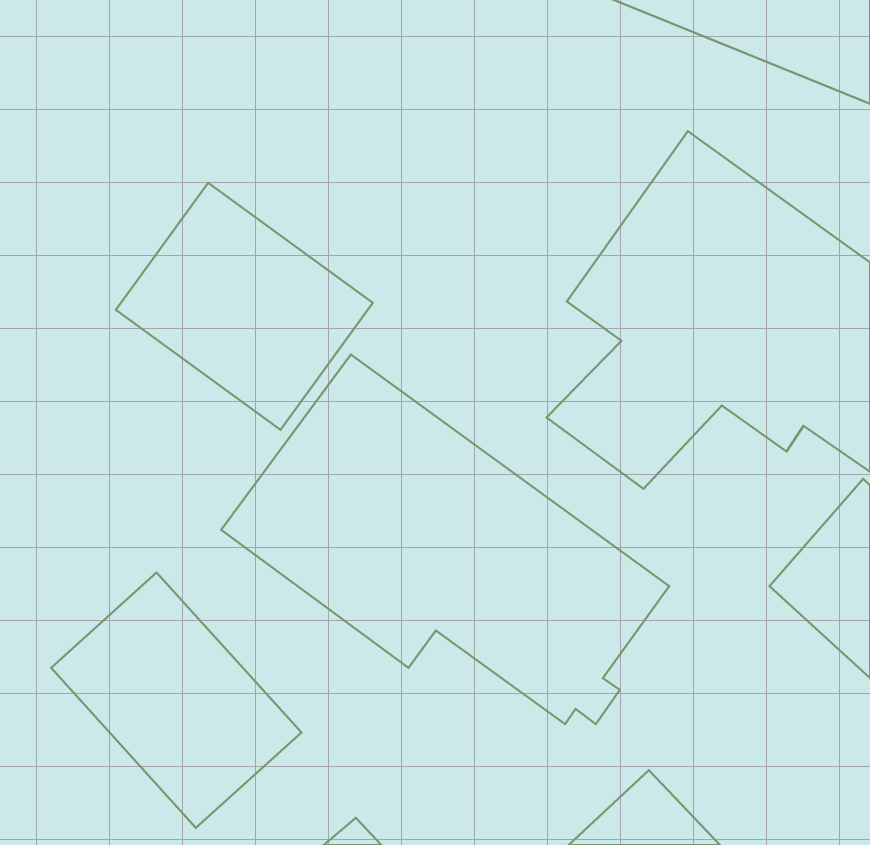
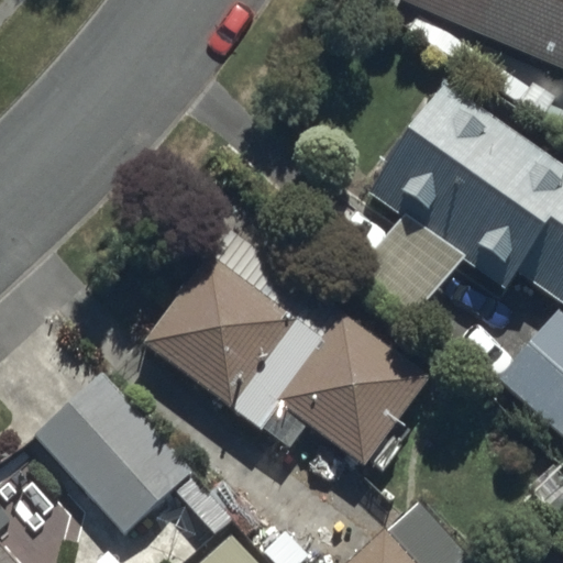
building: [116,183,373,430] -> none

